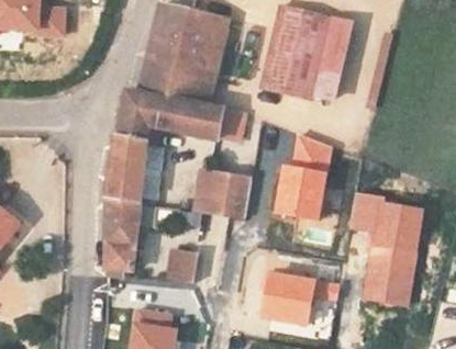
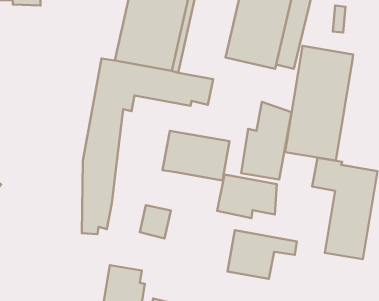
building: none -> [285,46,353,161]
building: none -> [217,174,277,218]

